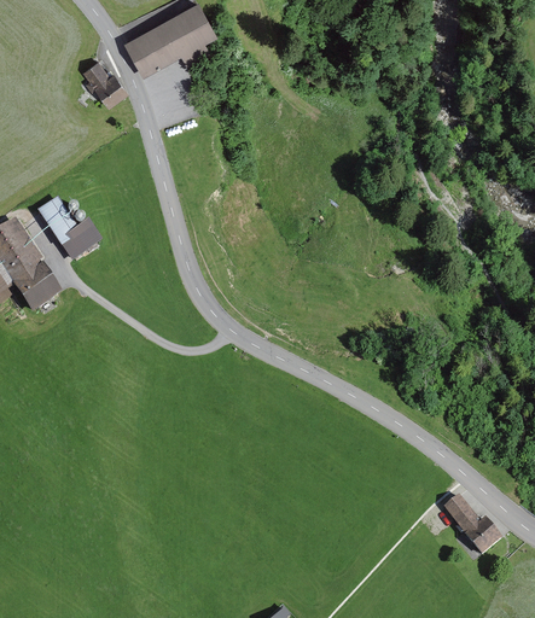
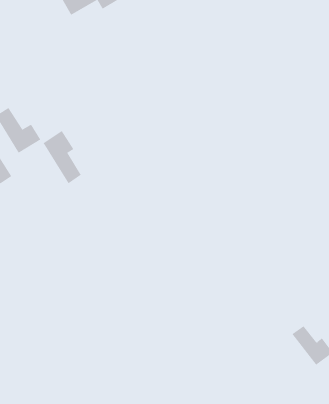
building: [83,56,127,103] -> none
building: none -> [43,130,82,184]

